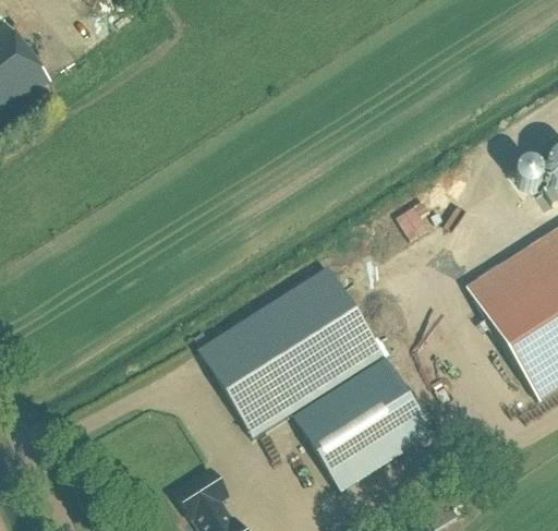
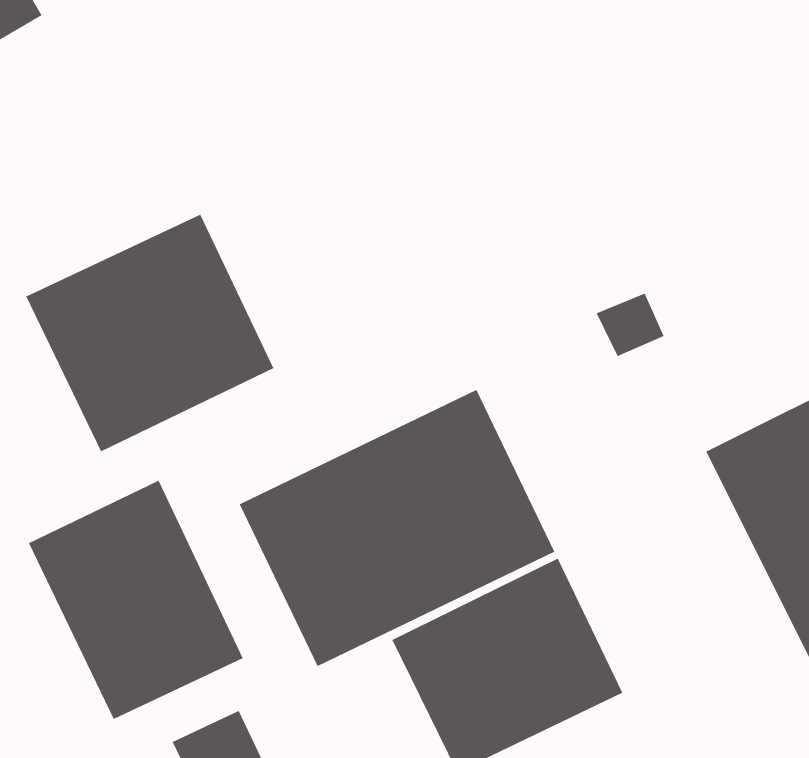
building: none -> [26,214,274,452]
building: none -> [28,480,244,720]

